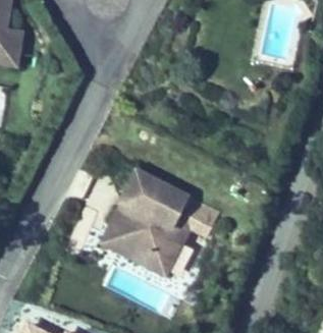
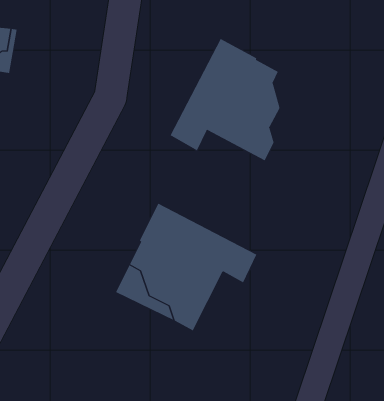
building: none -> [170,38,280,161]

